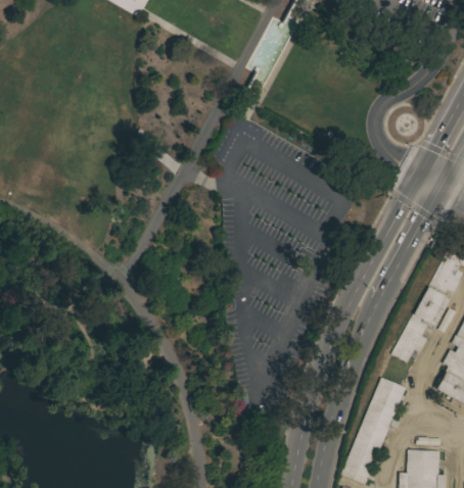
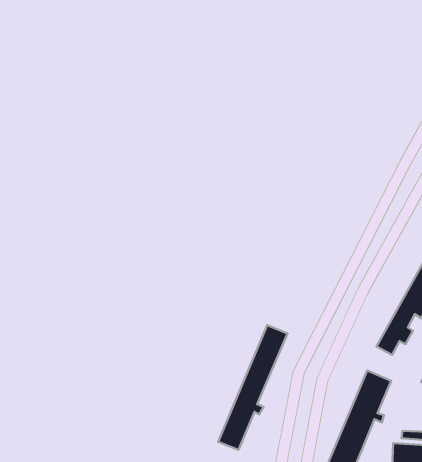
building: none -> [218,325,287,450]

